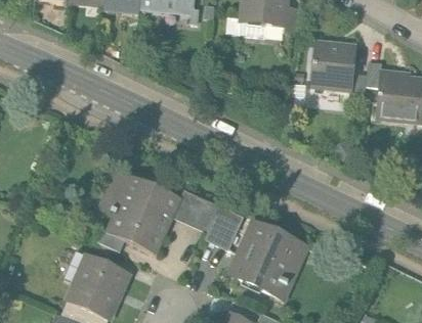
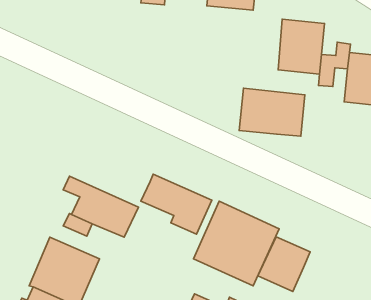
building: none -> [239,88,305,136]
building: [102,168,182,224] -> none
building: none -> [258,237,310,292]

